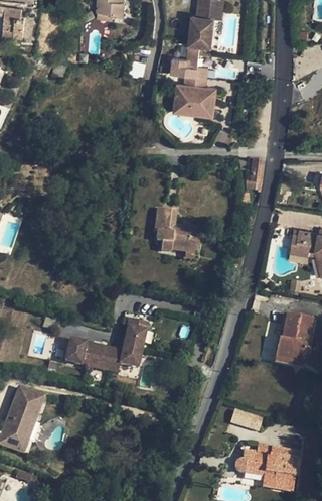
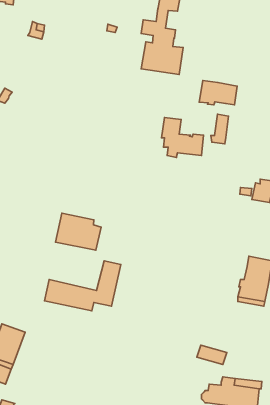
building: none -> [199,81,237,105]
building: [154,208,199,251] -> [162,118,203,157]
building: none -> [56,213,101,250]

